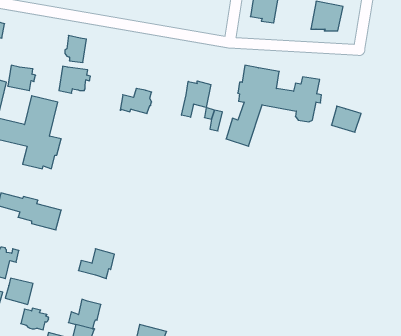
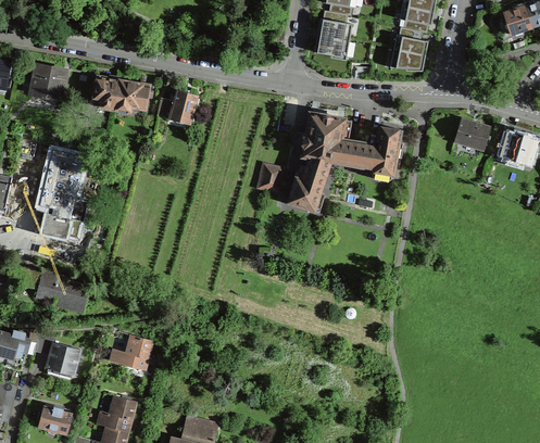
building: [8,65,36,91] -> [33,66,66,97]
building: [59,66,90,93] -> [114,80,152,113]
building: [182,81,211,117] -> none
building: [120,88,152,114] -> [156,90,194,121]
building: [331,106,361,132] -> [454,119,490,151]
building: [5,278,33,304] -> [46,343,79,375]

